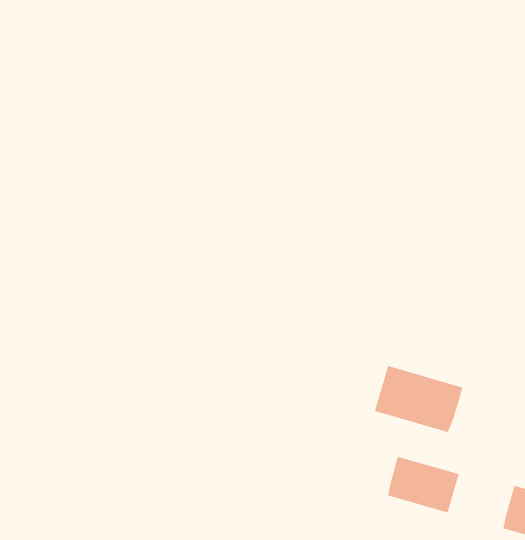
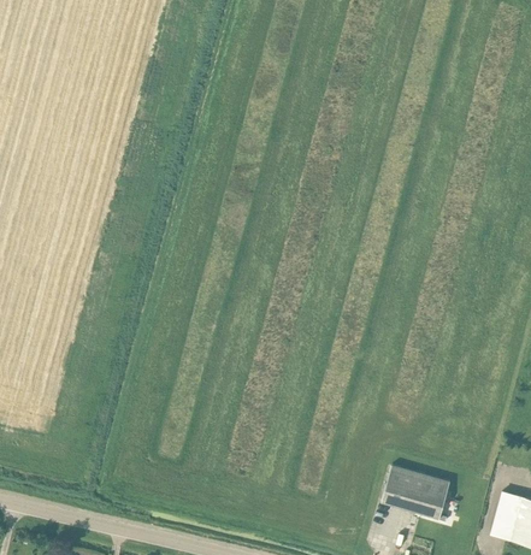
building: [374,365,463,433] -> none

